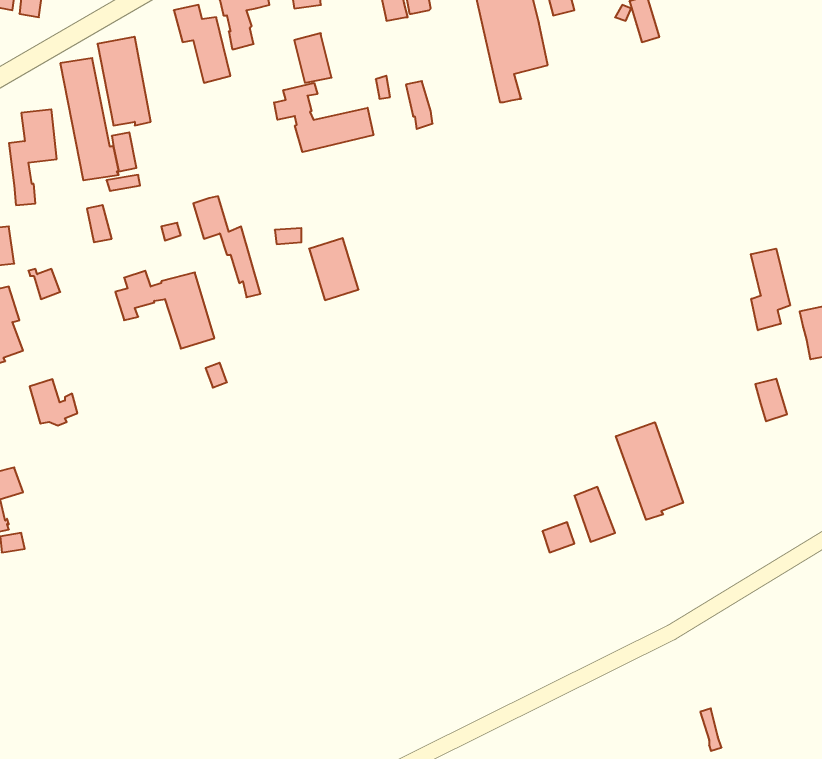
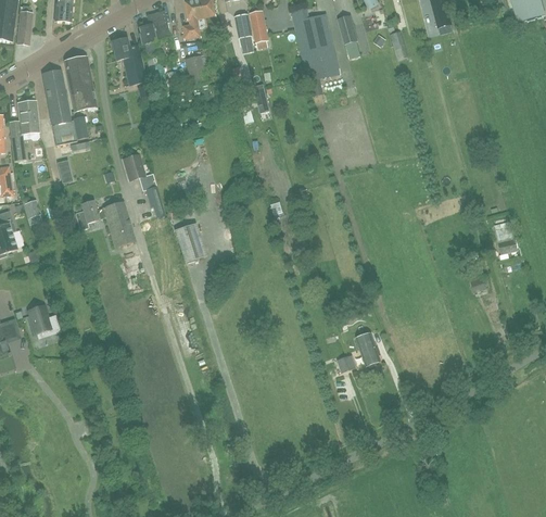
building: [274,83,373,152] -> none
building: [309,238,359,300] -> [175,223,205,261]
building: [751,249,790,330] -> none
building: [30,379,77,425] -> [29,304,59,332]
building: [616,422,683,520] -> none

